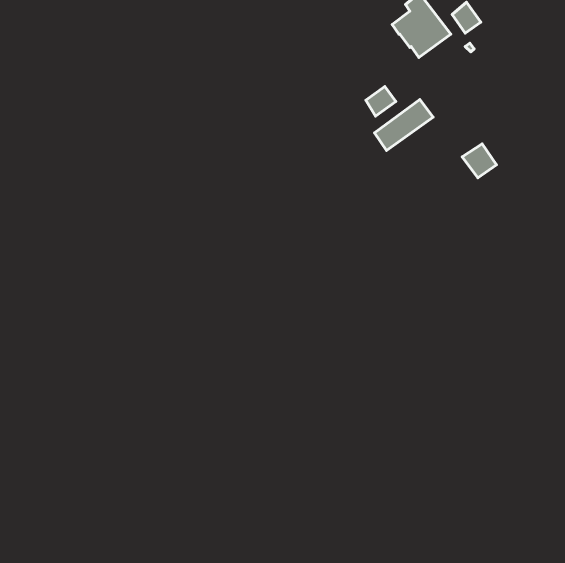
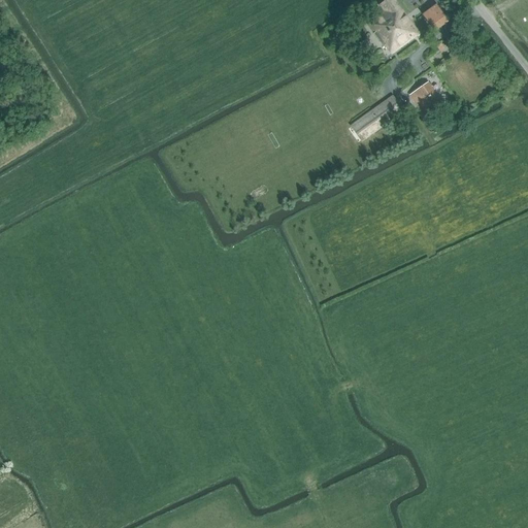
building: [366,86,396,116] -> none
building: [462,144,497,178] -> [408,81,440,113]

